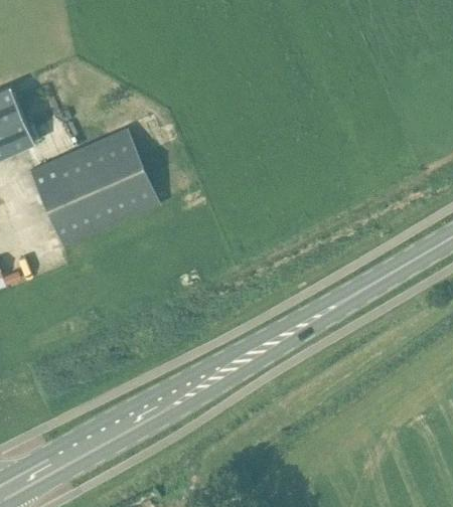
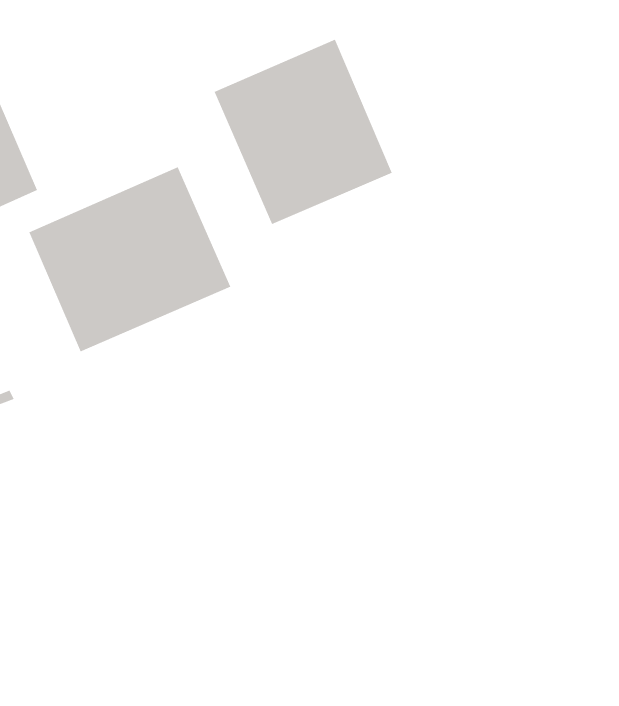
building: none -> [214,39,393,225]

